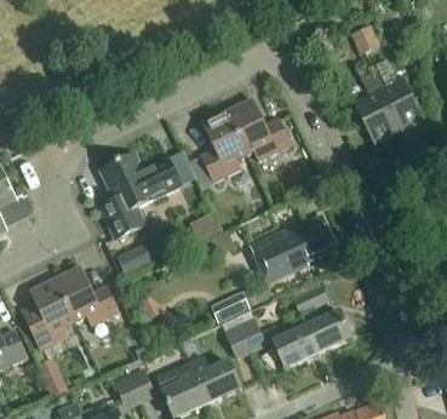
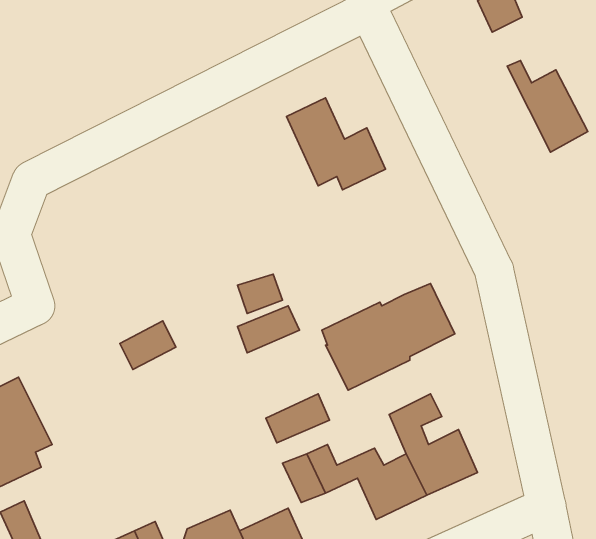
building: [353,76,397,144] -> none
building: [200,109,247,180] -> none
building: [99,153,182,237] -> none
building: [53,265,119,325] -> none

